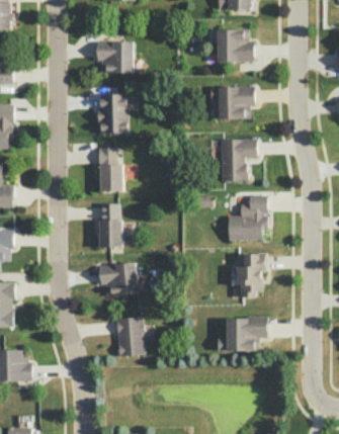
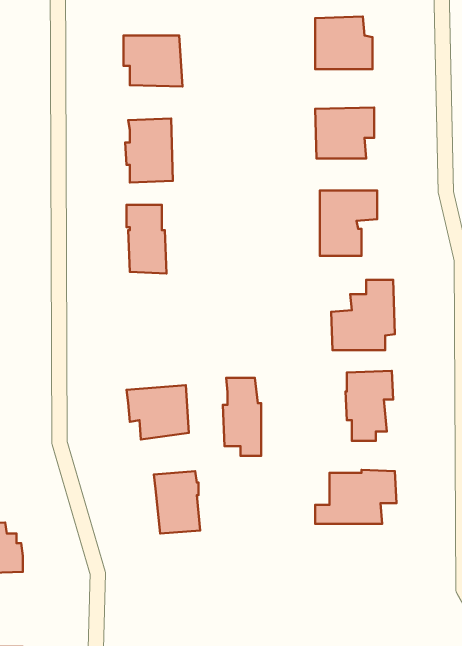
building: [98,203,122,253] -> [223,378,261,456]

